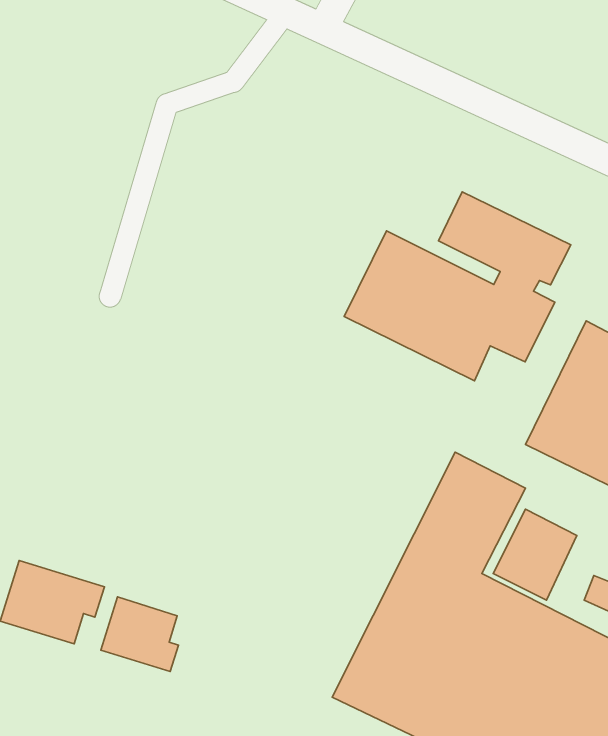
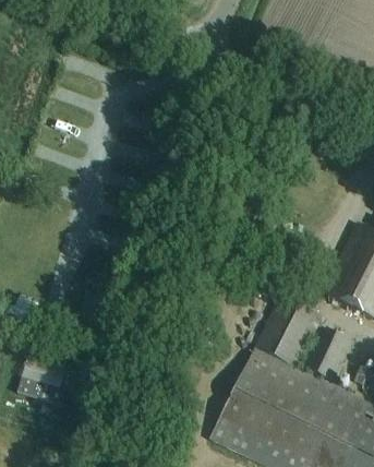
building: [344,192,571,381] -> none
building: [101,597,178,672] -> none

